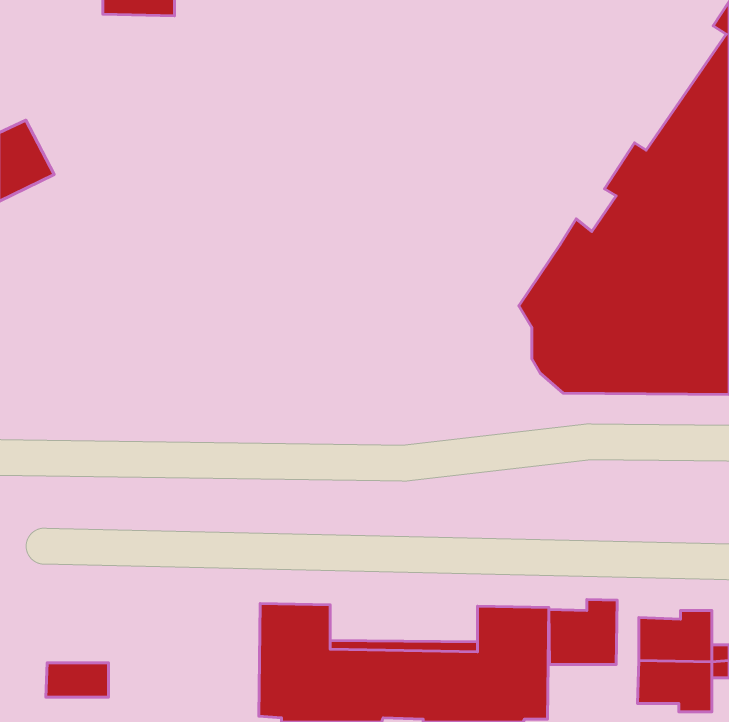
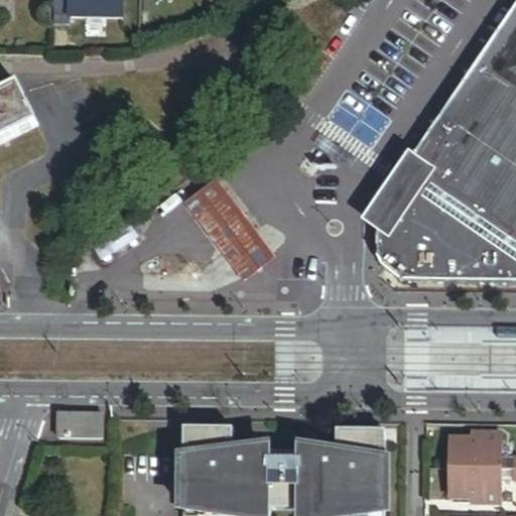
building: none -> [182,177,274,280]
building: [549,599,617,665] -> none
building: [46,663,109,697] -> [58,414,103,438]

